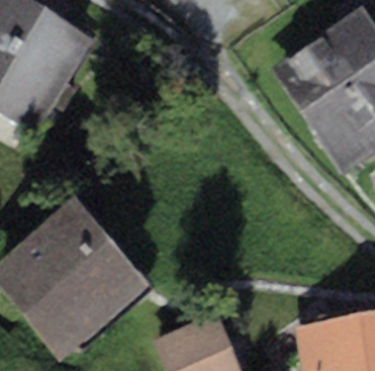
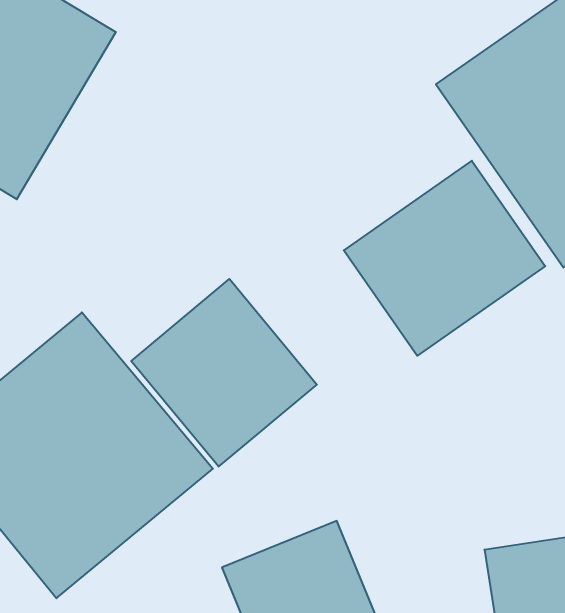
building: none -> [344,161,545,356]
building: none -> [131,279,317,467]

